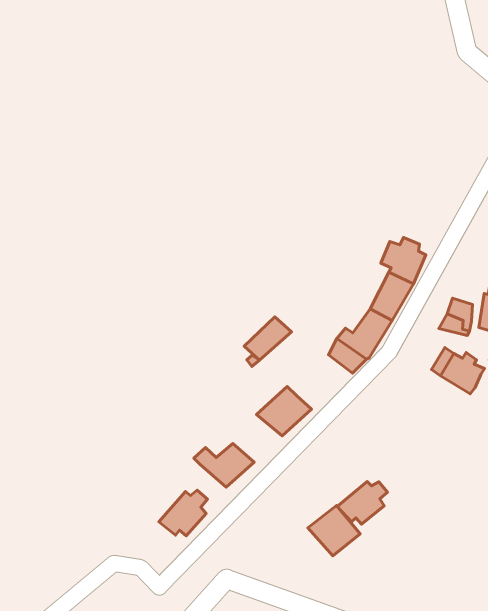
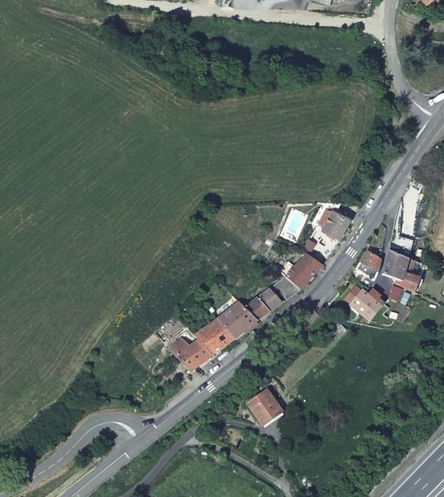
building: [244,317,292,360] -> [247,289,282,319]
building: none -> [195,319,234,353]
building: [337,481,387,524] -> none
building: [159,490,208,536] -> none

